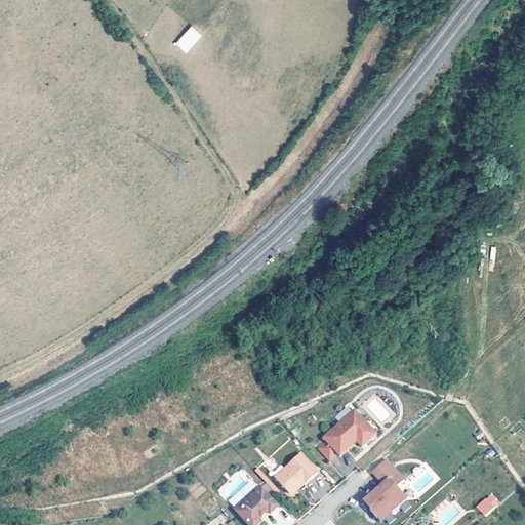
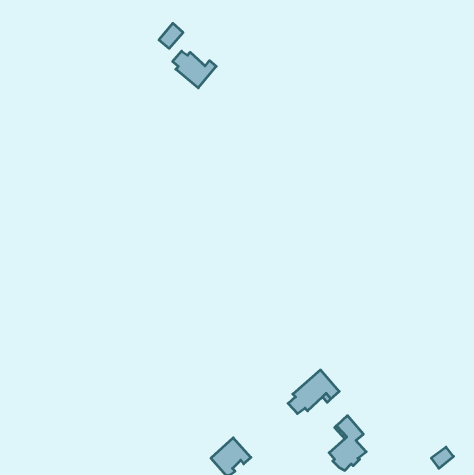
building: none -> [173,51,216,88]
building: [275,451,317,491] -> none

